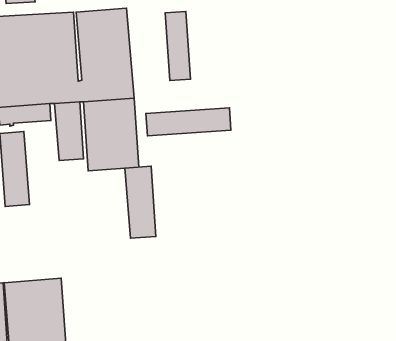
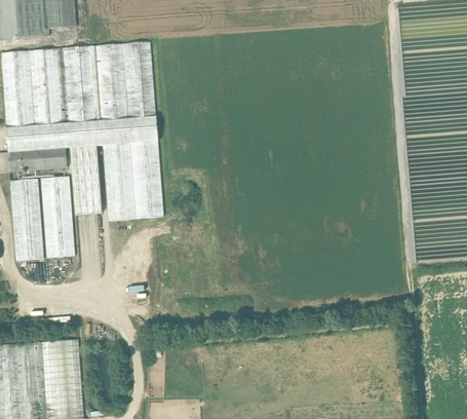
building: [165,11,190,80] -> none
building: [146,108,231,136] -> none
building: [125,166,156,238] -> [40,177,74,256]

